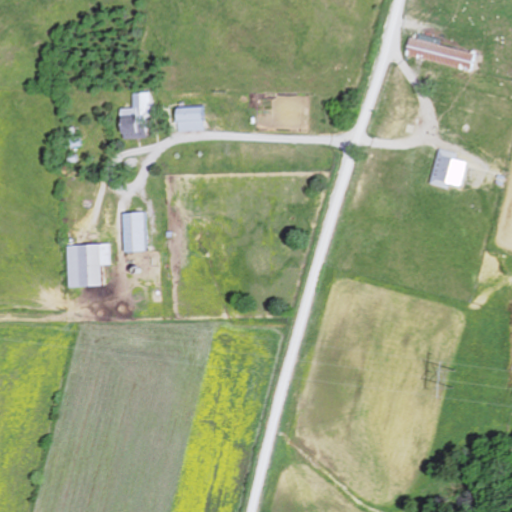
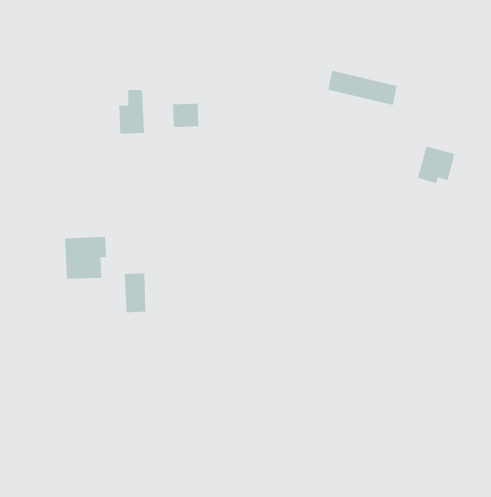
building: [404,35,476,71] -> [327,70,398,105]
building: [123,211,146,252] -> [124,273,146,313]

